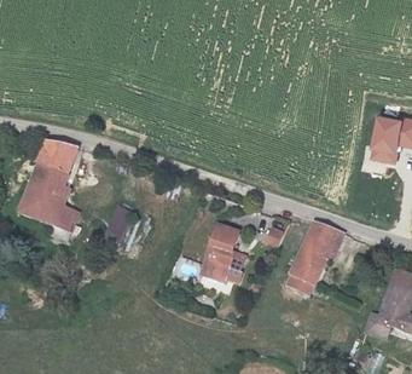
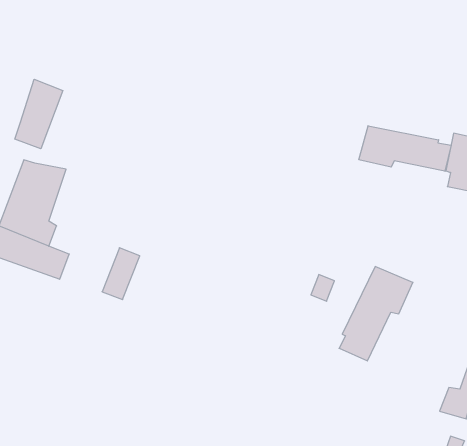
building: none -> [15,79,63,149]
building: none -> [359,126,451,171]
building: [201,223,246,282] -> none

